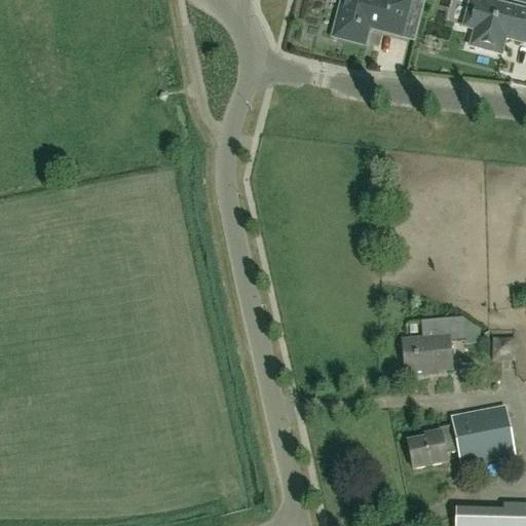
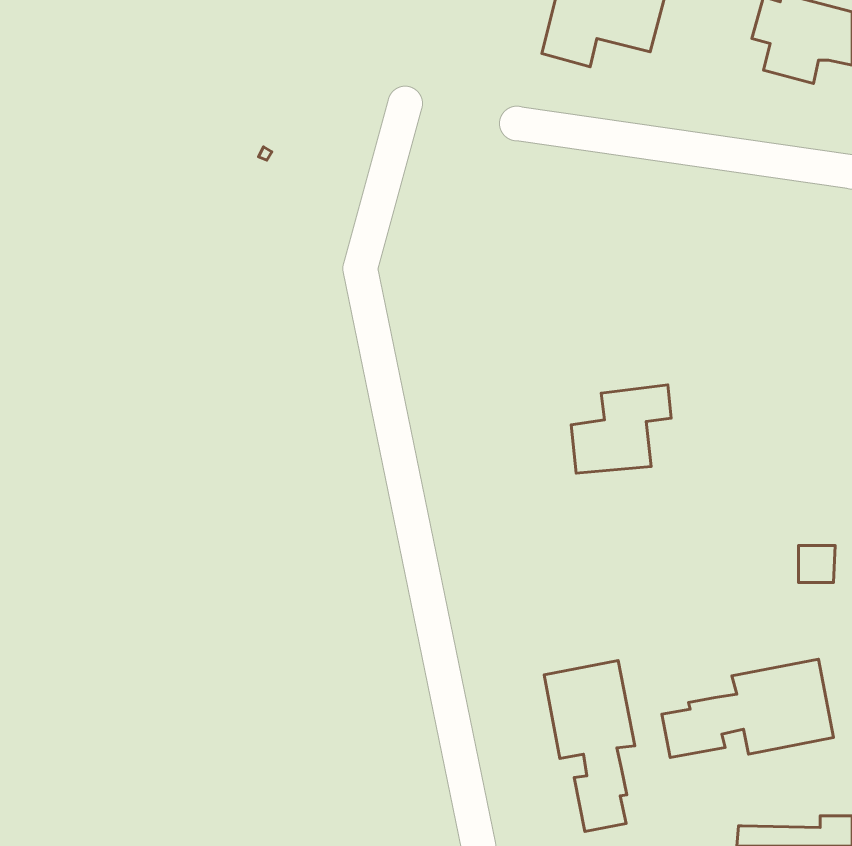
building: [403,316,464,371] -> [571,385,671,473]
building: none -> [544,660,635,831]

